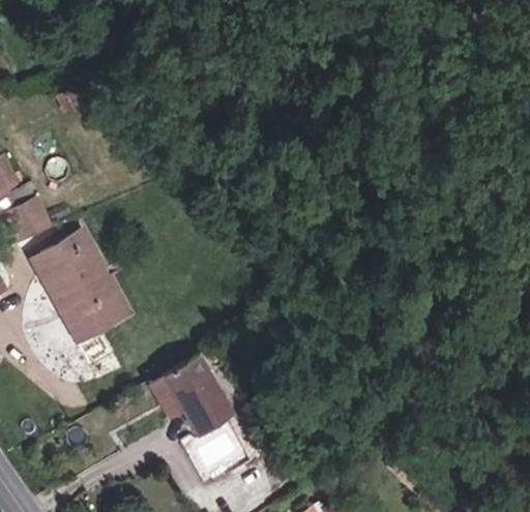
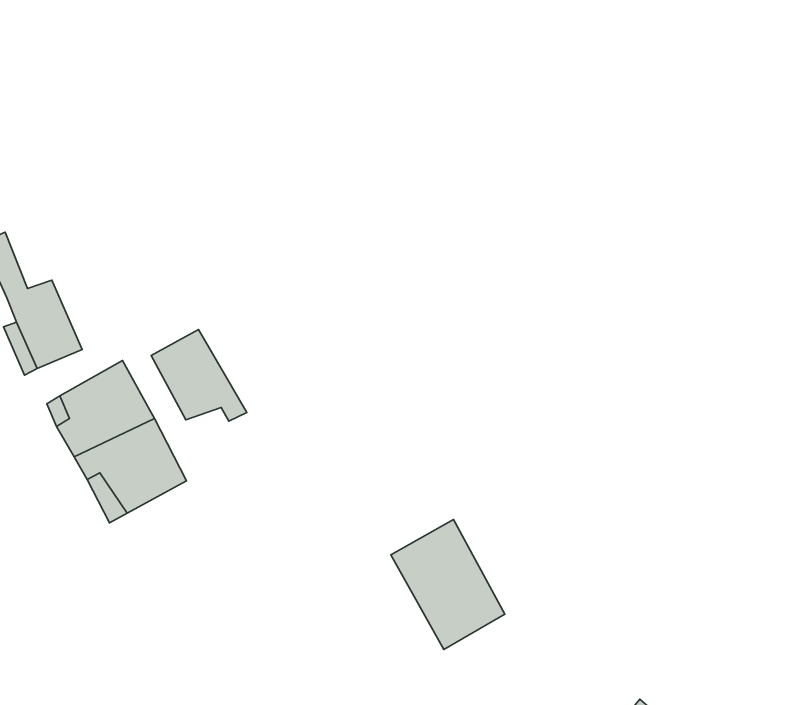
building: none -> [151,329,247,421]
building: [160,353,234,436] -> [391,519,505,649]

